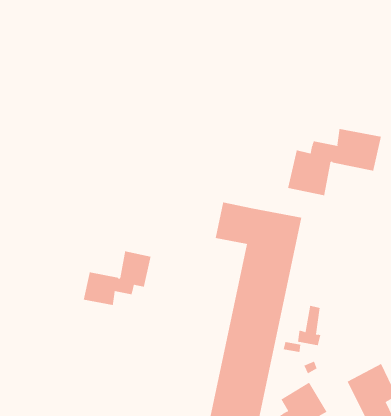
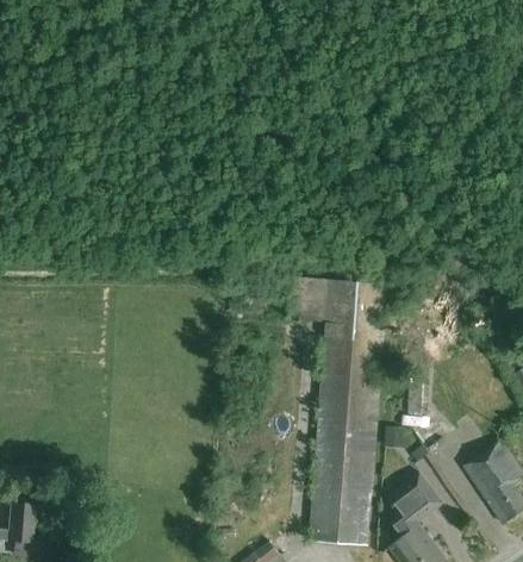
building: [287,128,381,196] -> none
building: [83,251,151,306] -> none

